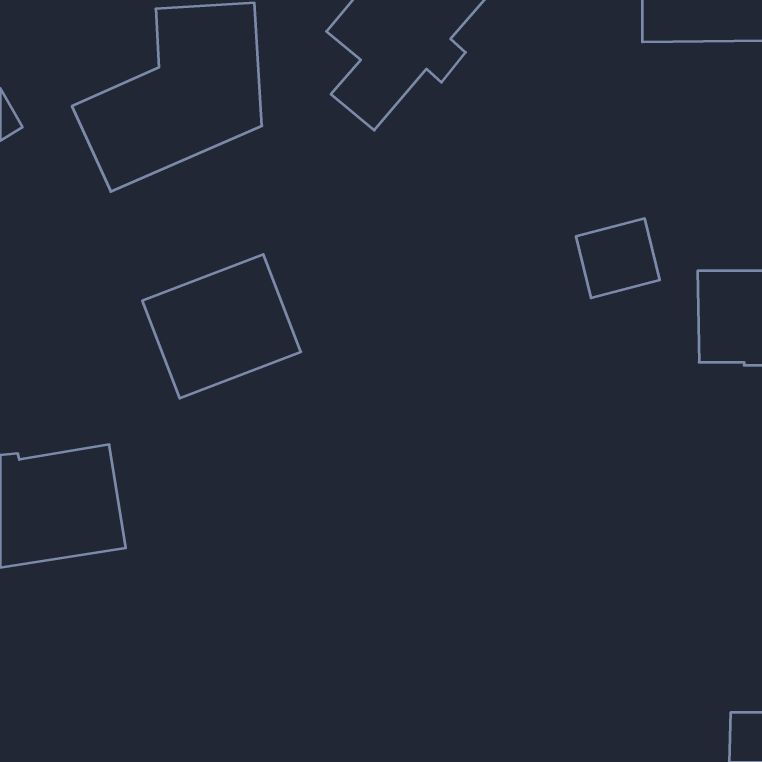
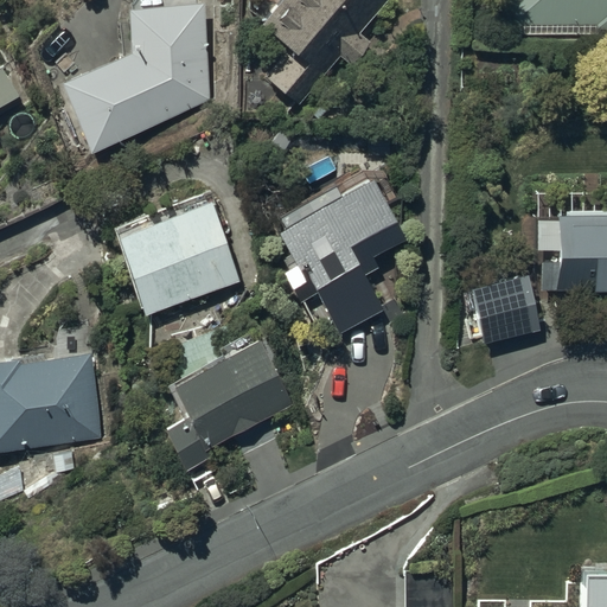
building: [576,219,660,298] -> [478,286,544,349]
building: none -> [275,180,404,330]
building: none -> [164,340,292,469]

